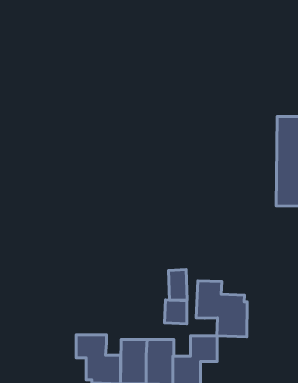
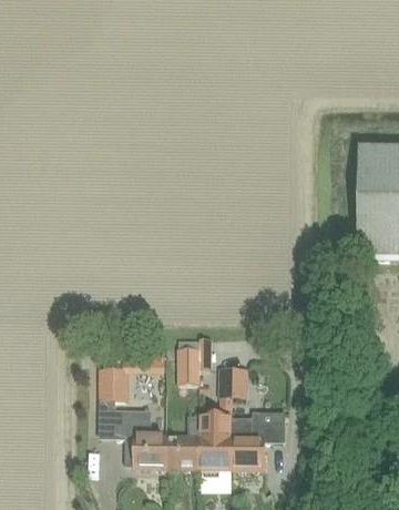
building: [169,270,187,300] -> [177,346,200,382]
building: [196,281,247,337] -> none
building: none -> [100,366,125,399]

